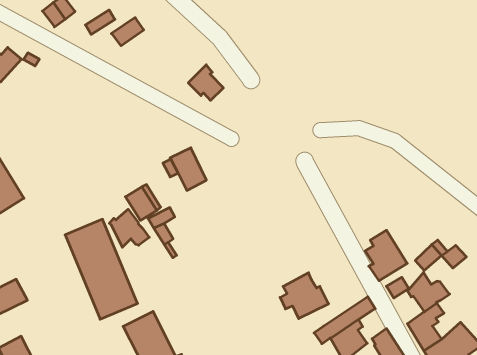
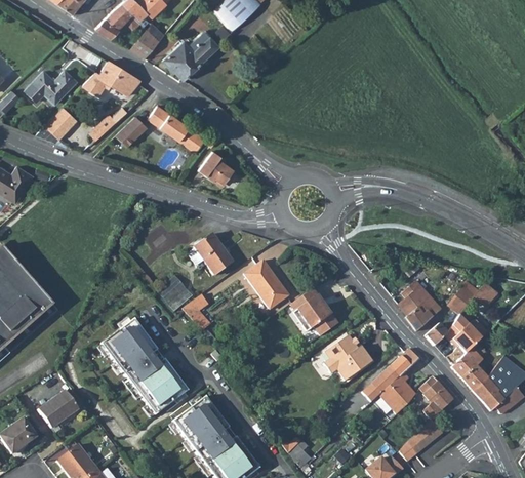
building: none -> [147,105,203,152]
building: none -> [244,260,288,309]
building: [109,209,149,247] -> none
building: none -> [289,288,337,335]

